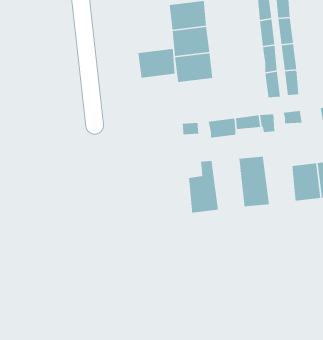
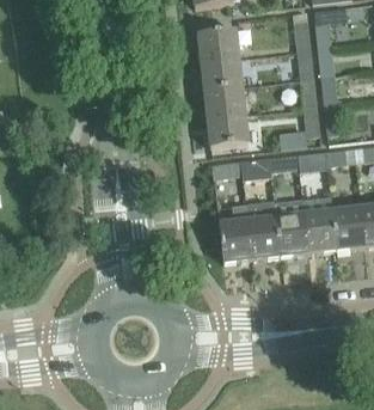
building: [137,48,176,79] -> [207,115,249,148]
building: none -> [301,196,336,253]
building: none -> [245,202,280,259]

